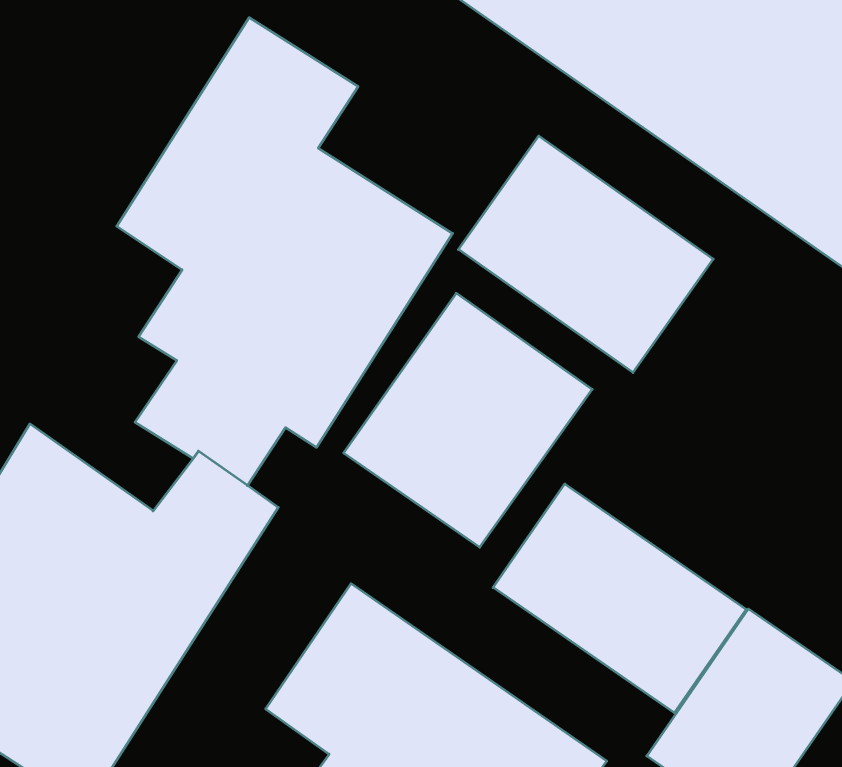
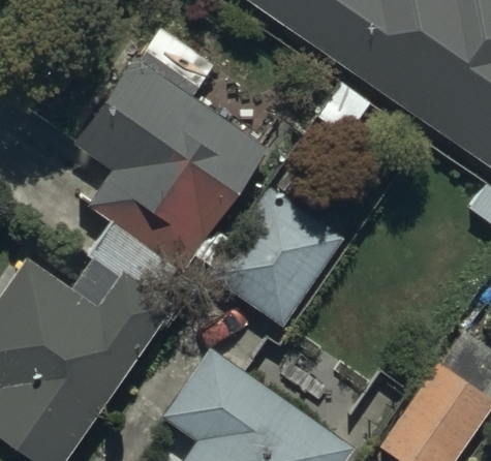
building: [458,136,713,373] -> none
building: [493,484,746,713] -> none

